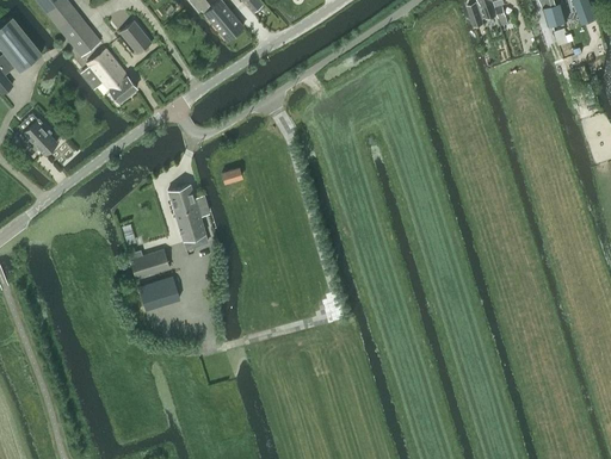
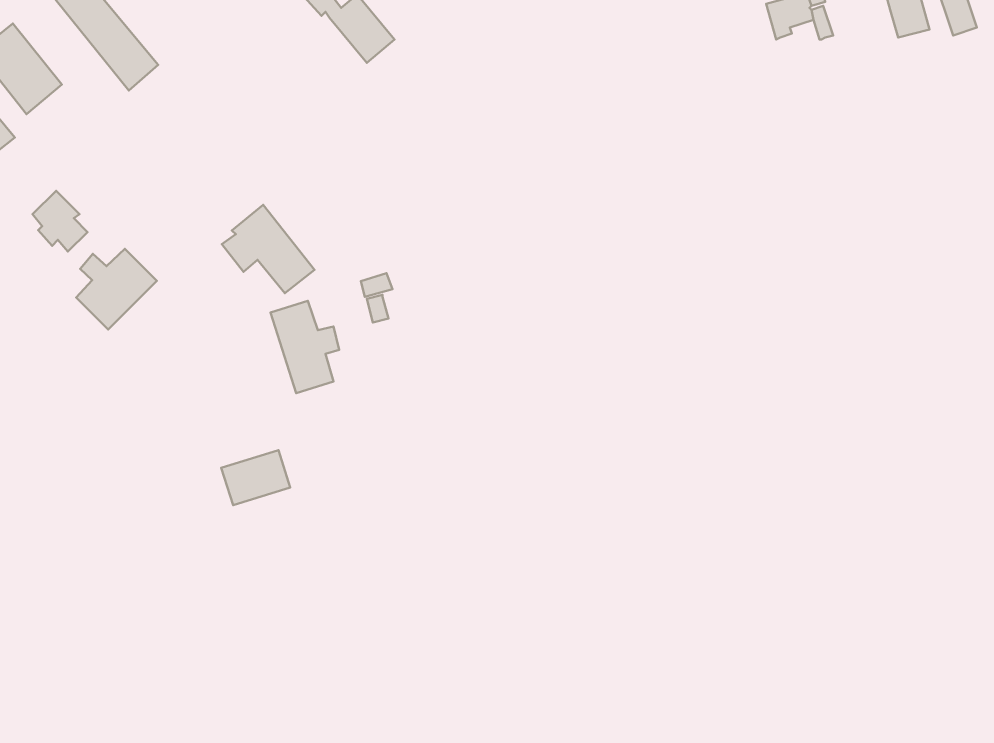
building: [119,20,152,54] -> none
building: [81,49,137,103] -> [222,205,314,293]
building: none -> [76,249,157,329]
building: [129,249,171,279] -> none

